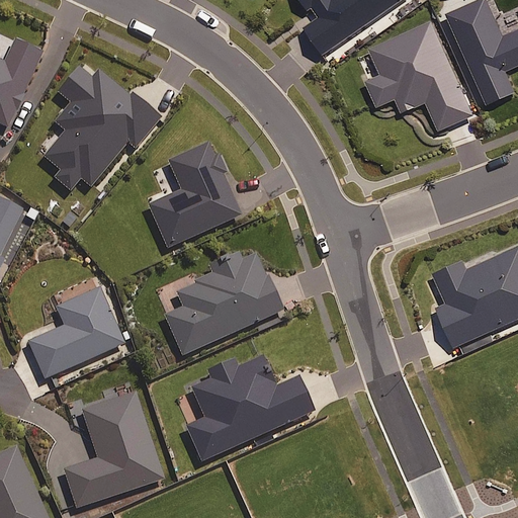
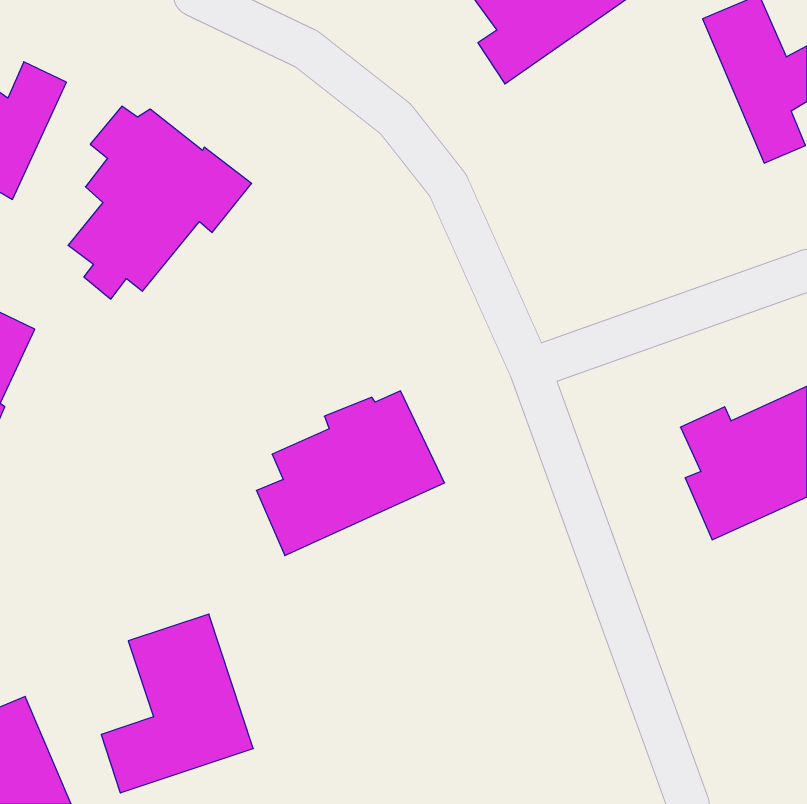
building: [364,20,473,130] -> none
building: [150,142,240,246] -> none
building: [28,287,124,378] -> none
building: [187,356,314,459] -> none

